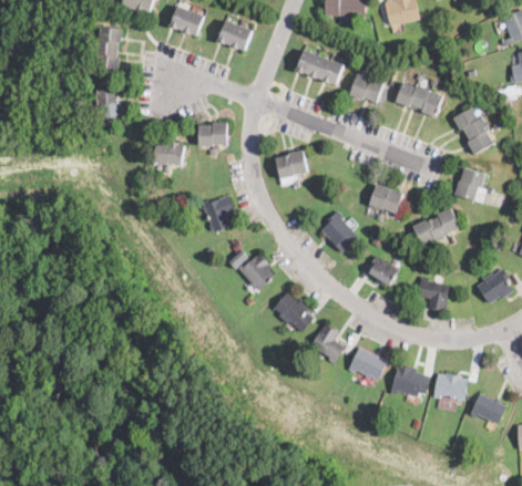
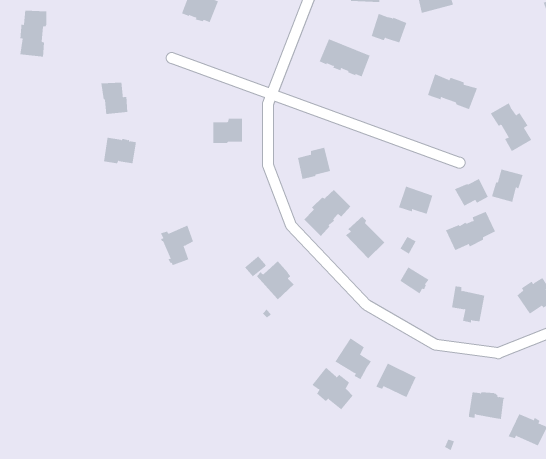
building: [217,20,252,51] -> none
building: [95,28,121,71] -> [20,10,47,57]
building: [350,74,383,102] -> [371,13,407,43]
building: [153,141,184,165] -> [103,137,137,164]
building: none -> [454,178,489,206]
building: none -> [303,189,351,237]
building: [203,195,234,232] -> [160,225,194,266]
building: [274,292,313,332] -> [311,367,354,410]
building: [390,365,430,396] -> none

